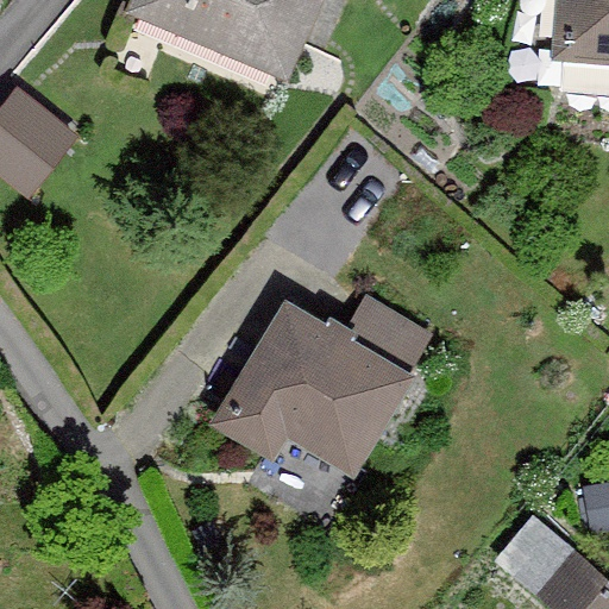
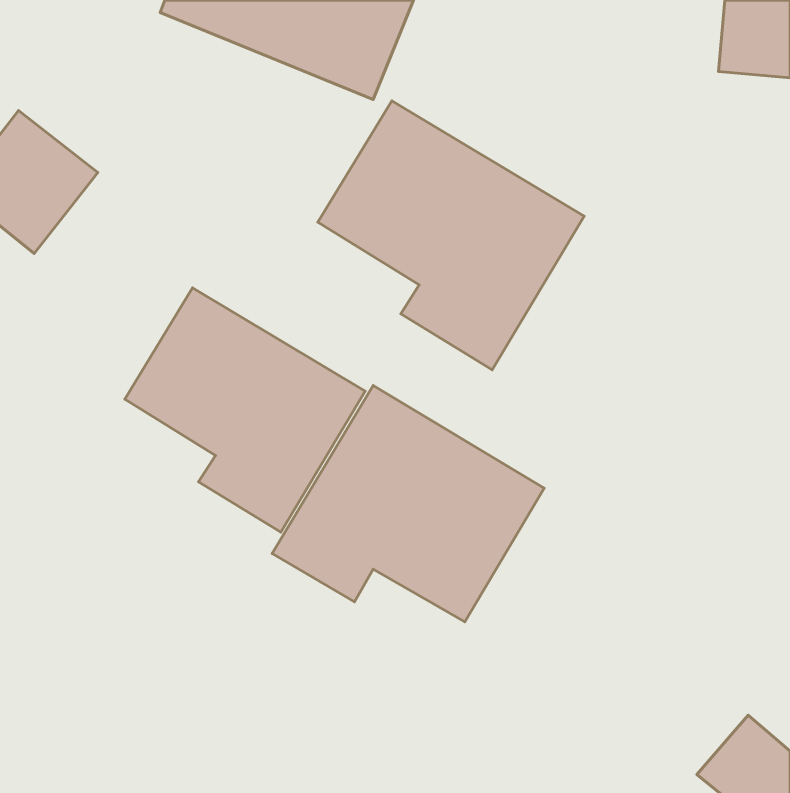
building: none -> [318,101,584,370]
building: none -> [125,288,365,532]

